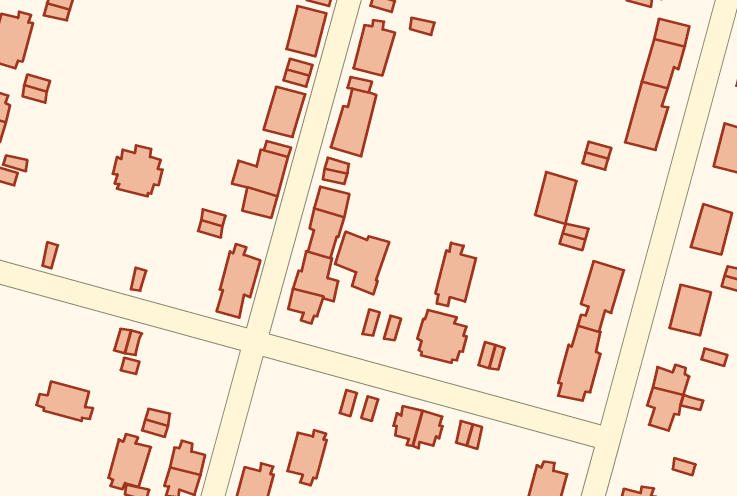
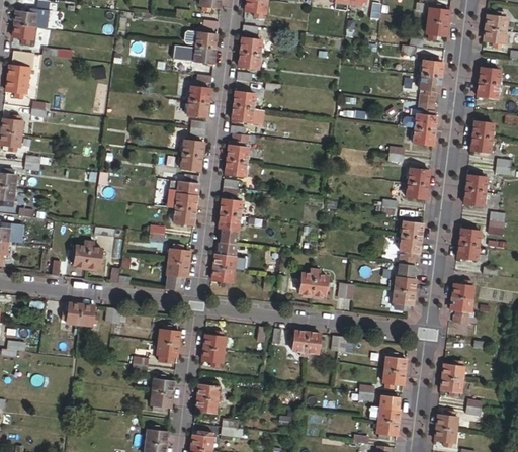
building: [113,145,163,196] -> [72,240,103,271]
building: [535,172,577,224] -> [406,168,429,199]
building: [335,232,389,294] -> none
building: [436,243,476,306] -> none
building: [36,382,93,421] -> [62,303,98,326]
building: [287,430,327,485] -> [202,332,225,367]
building: [108,434,151,489] -> [156,325,180,360]

